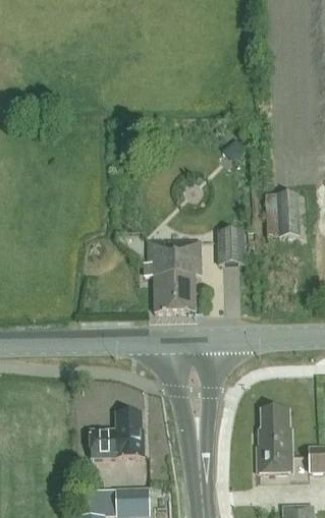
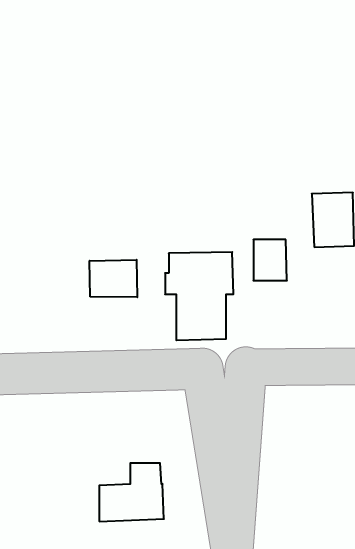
building: none -> [90,260,137,297]
building: [257,407,292,471] -> none

